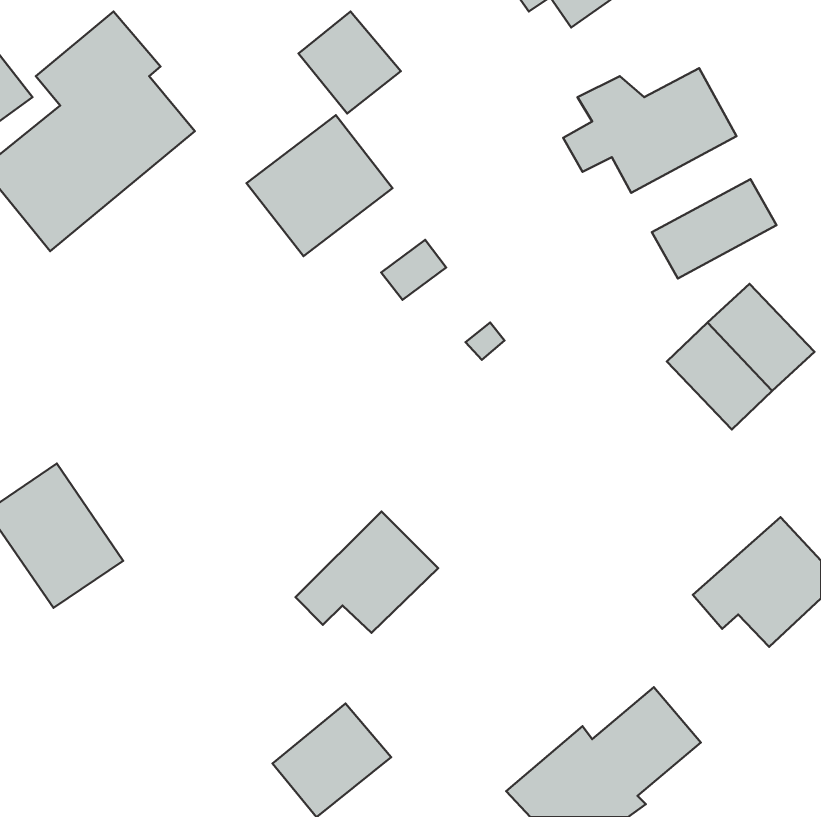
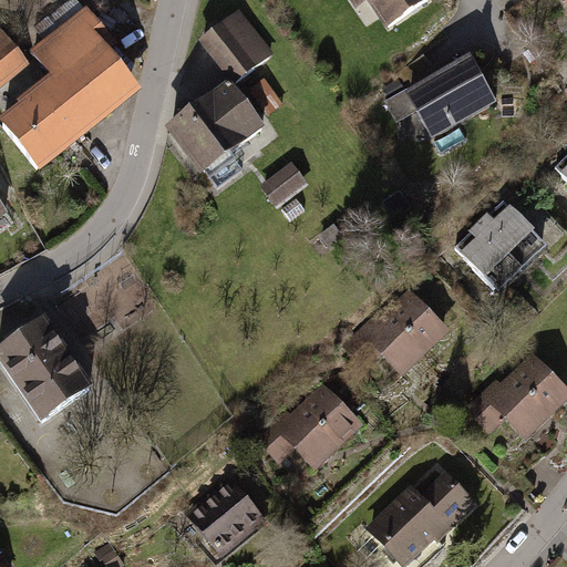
building: [652,179,777,278] -> none
building: none -> [351,286,453,372]
building: [295,511,438,633] -> [265,383,362,466]

